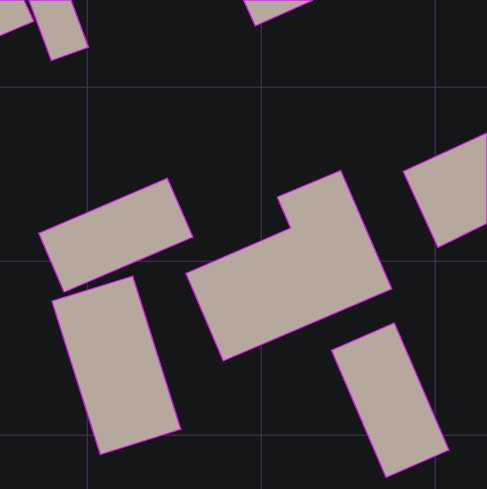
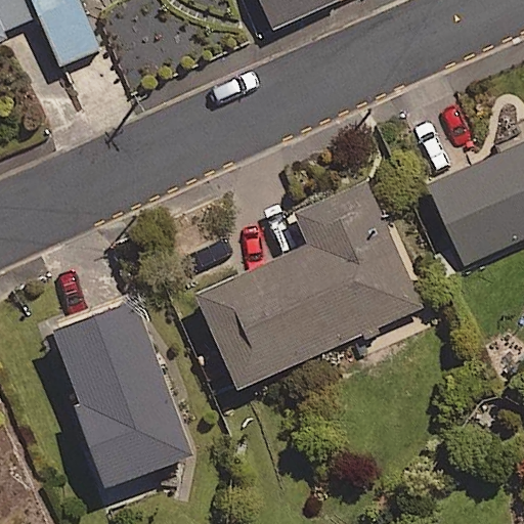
building: [39,178,193,292] -> none
building: [332,323,449,477] -> none

